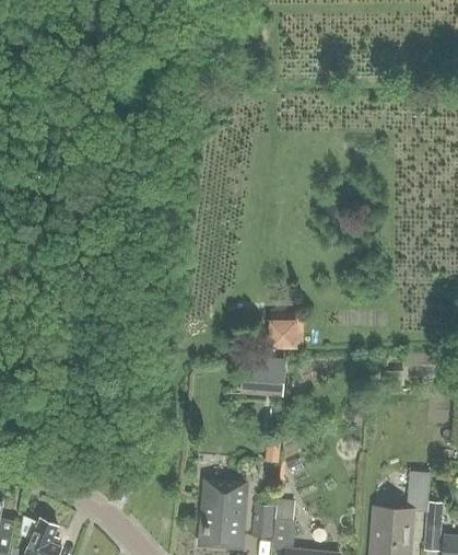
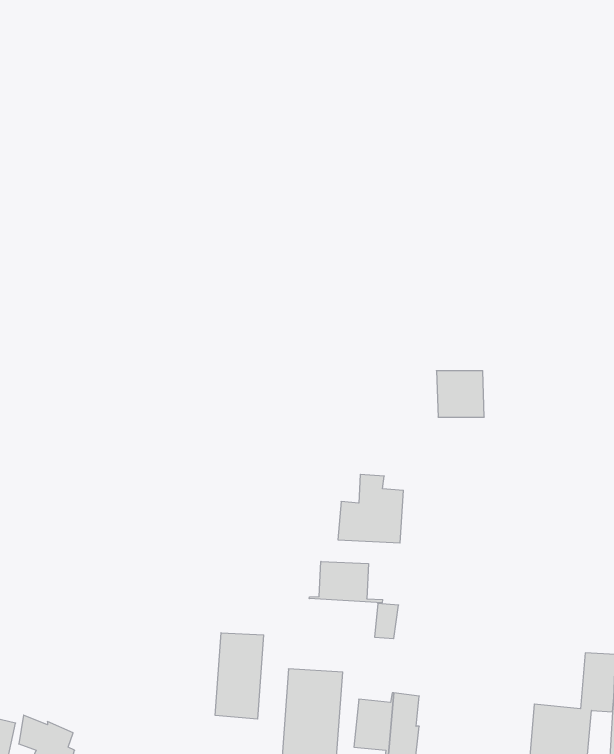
building: [270,314,303,346] -> [436,371,484,417]
building: none -> [309,561,383,603]
building: none -> [215,633,264,719]

